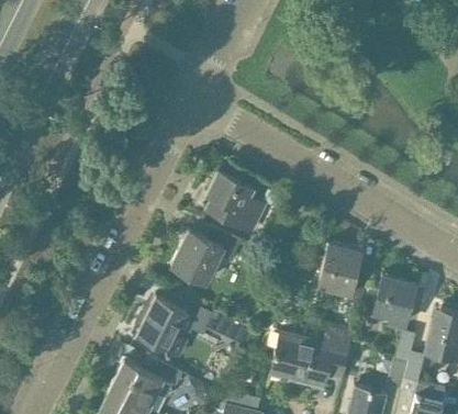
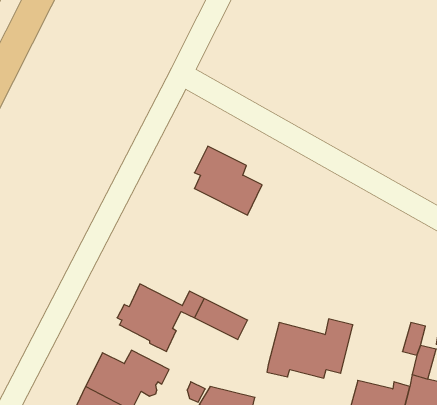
building: [170,228,242,286] -> none
building: [317,245,369,309] -> none
building: [372,277,416,331] -> none

